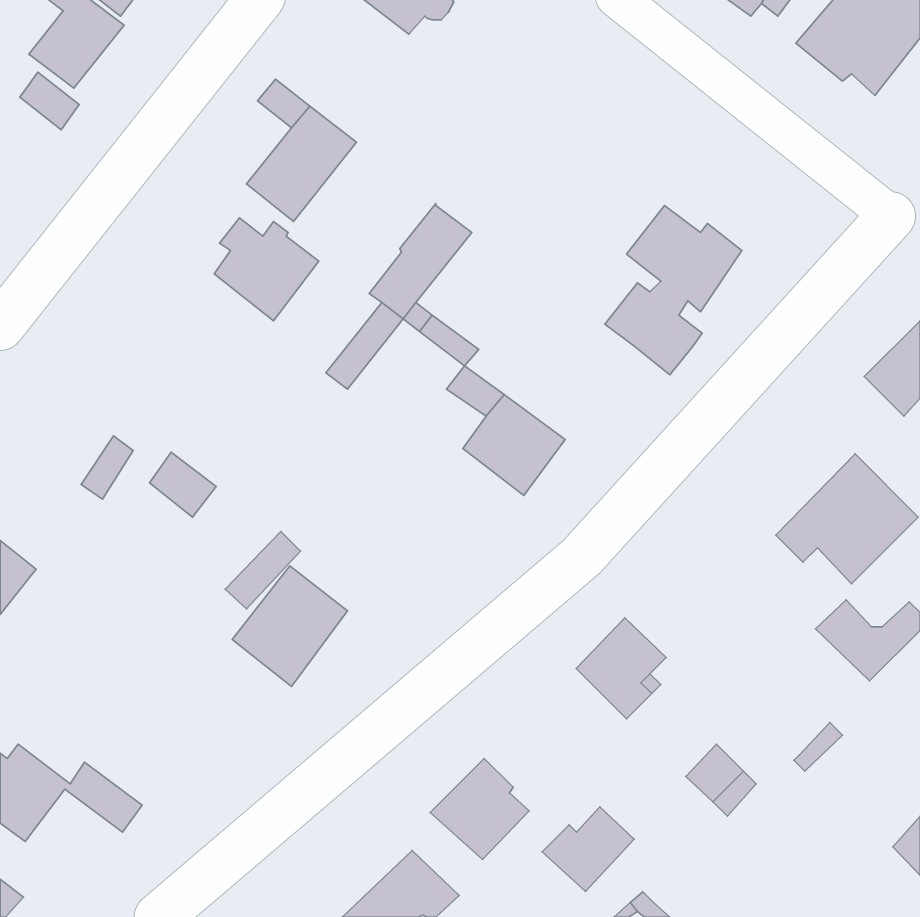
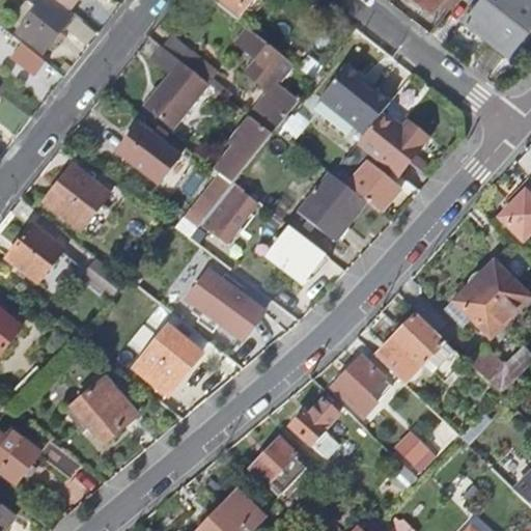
building: none -> [239,32,298,134]
building: none -> [318,64,389,133]
building: none -> [43,166,109,232]
building: none -> [298,171,365,240]
building: none -> [206,189,255,240]
building: none -> [4,225,62,283]
building: none -> [188,270,264,339]
building: none -> [373,312,447,383]
building: none -> [73,379,136,443]
building: [542,807,634,892] -> [289,401,342,450]

